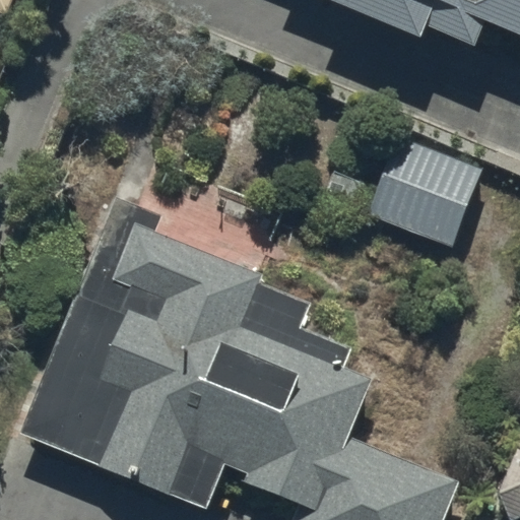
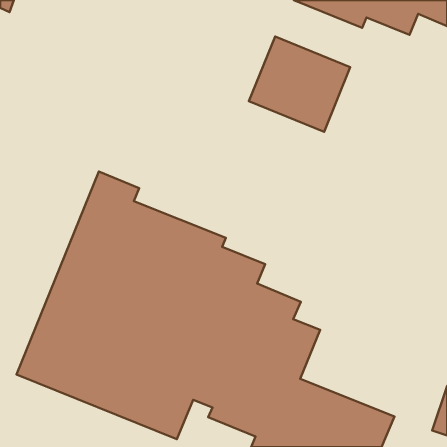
building: [366,135,483,246] -> [249,36,350,132]

